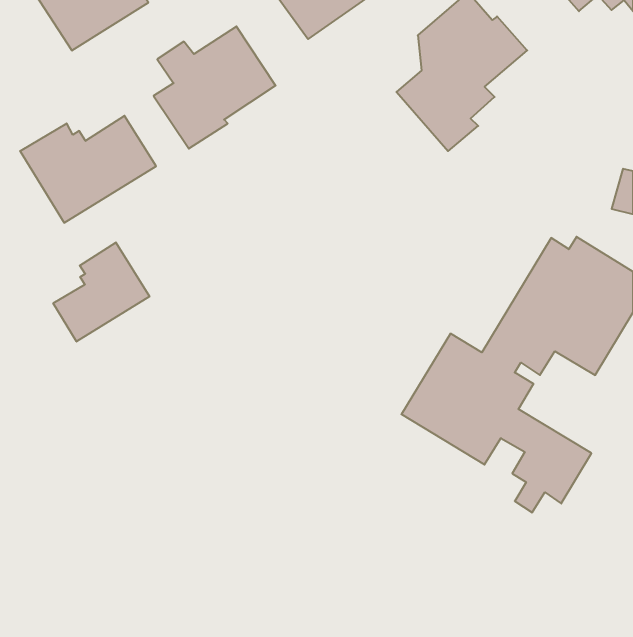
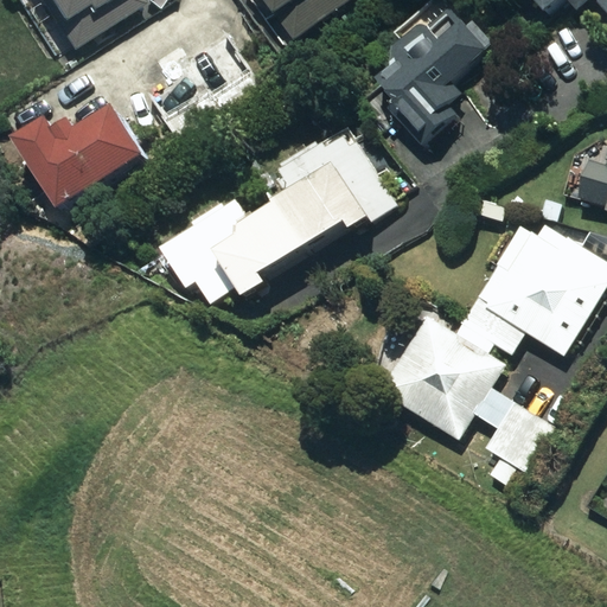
building: none -> [161,124,397,305]
building: [53,242,149,342] -> none

